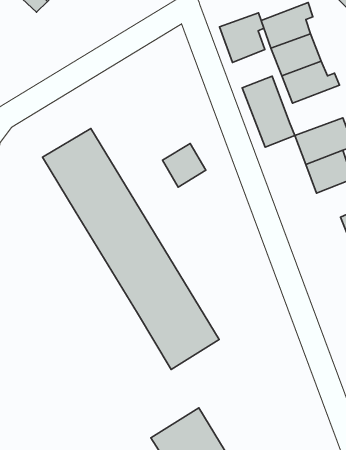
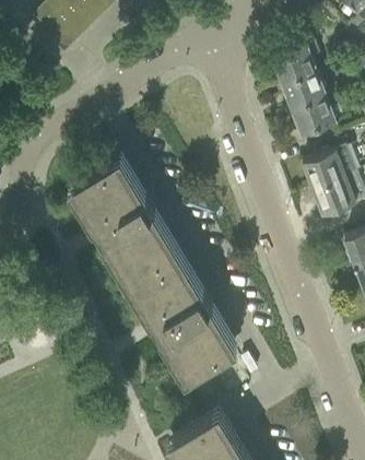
building: [220,13,265,62] -> none
building: [242,76,295,147] -> none
building: [163,143,206,187] -> none

